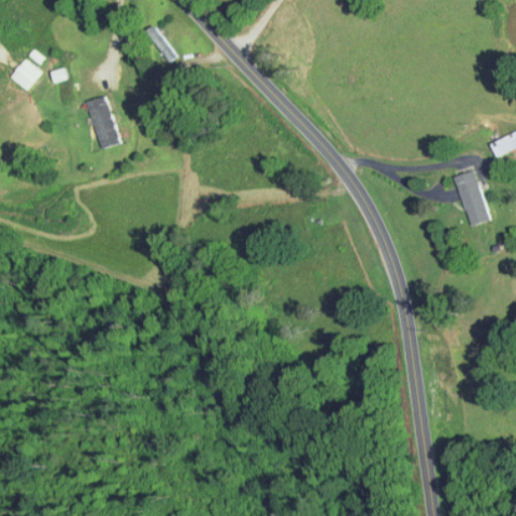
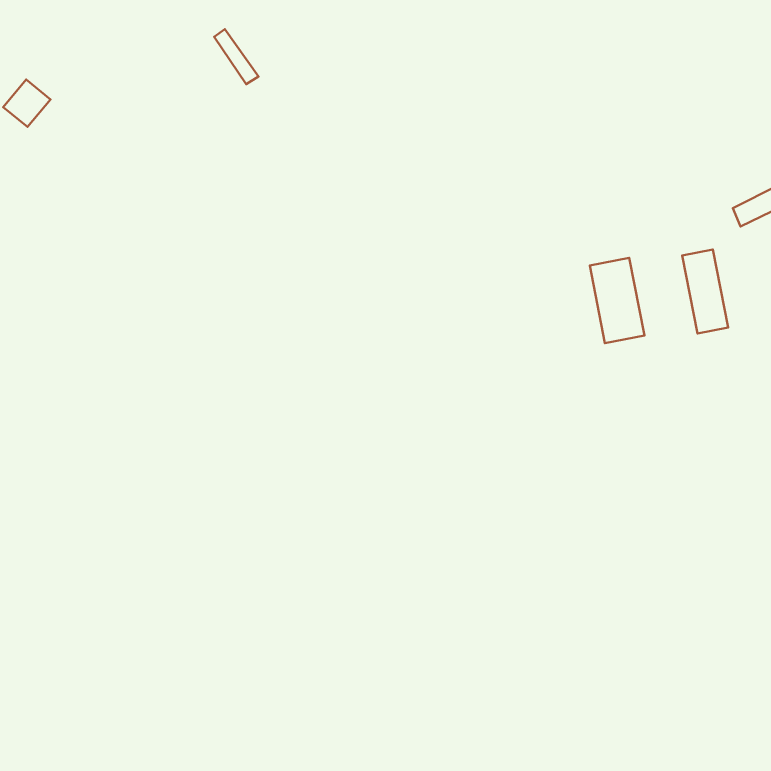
building: [88,96,119,149] -> none
building: none -> [590,258,644,343]

